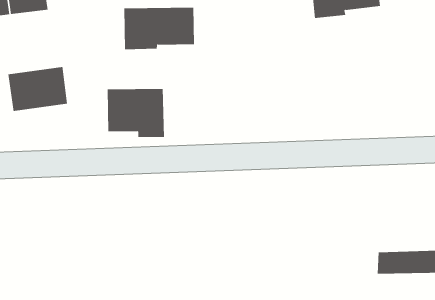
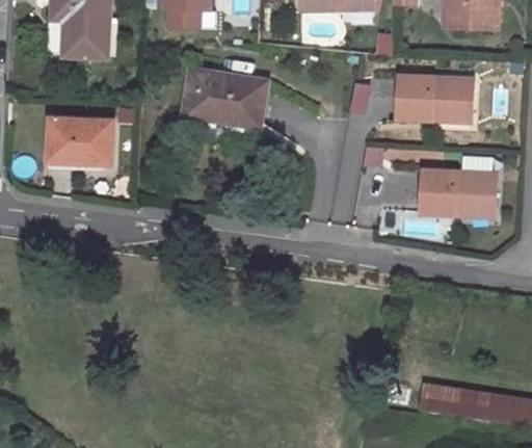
building: none -> [421,170,497,215]
building: [107,88,165,138] -> none

